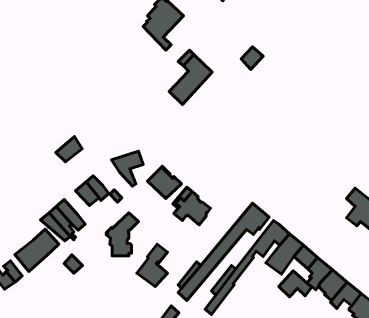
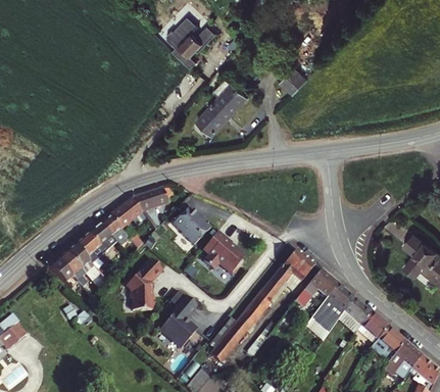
building: [56,137,82,162] -> [109,199,140,229]
building: none -> [76,235,105,263]
building: [15,229,59,272] -> none
building: [279,271,311,297] -> none

